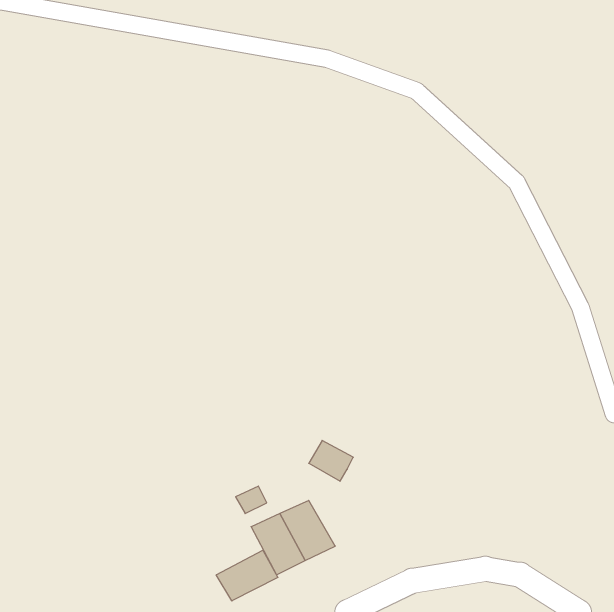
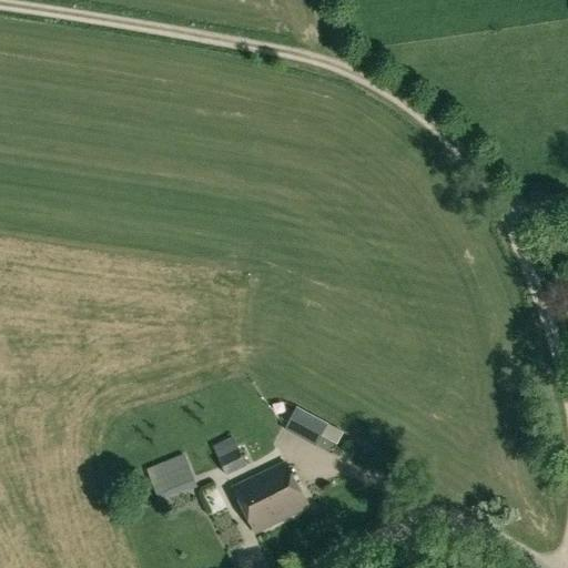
building: none -> [159,455,195,496]
building: [216,550,278,601] -> none

